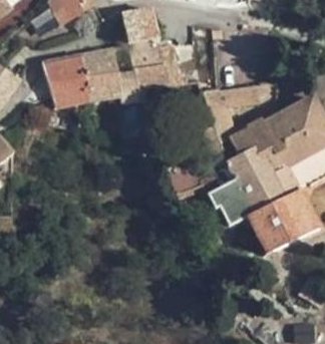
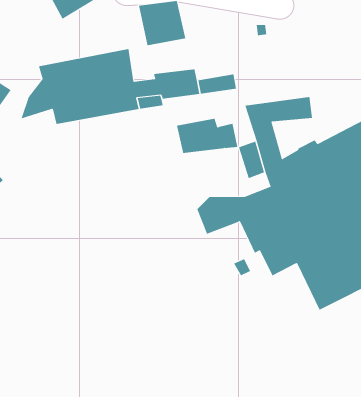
building: [128,38,178,66] -> [176,118,238,153]

